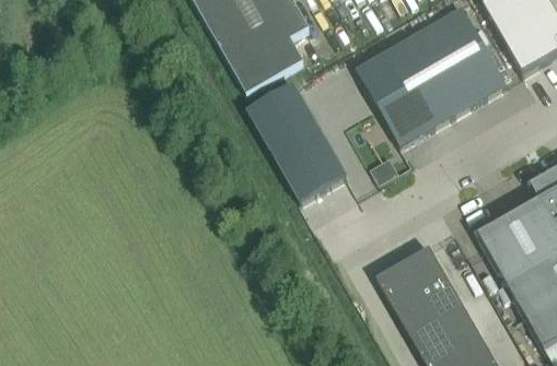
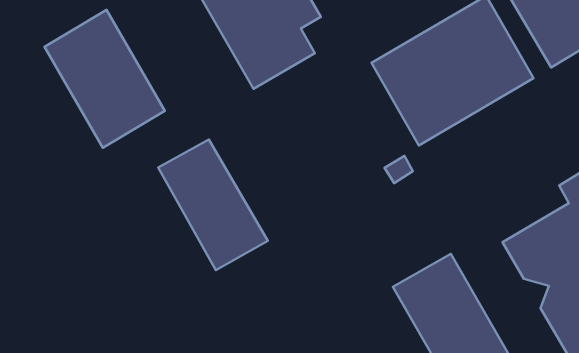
building: none -> [45,10,165,148]
building: [246,83,348,204] -> [158,139,268,270]

